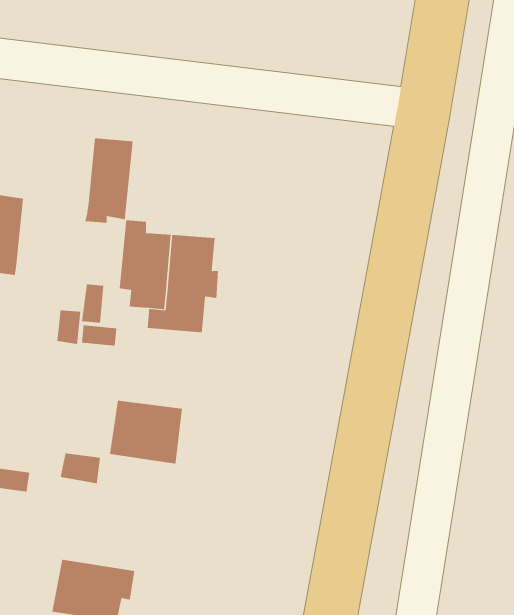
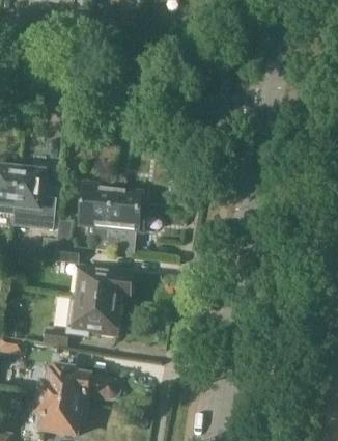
building: [84,138,134,223] -> [13,166,45,220]
building: none -> [79,266,132,300]
building: none -> [44,365,122,402]

